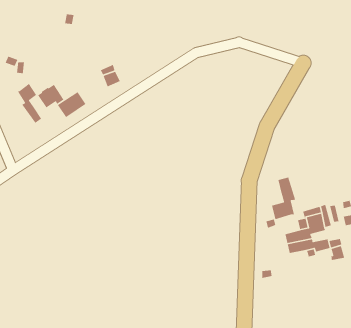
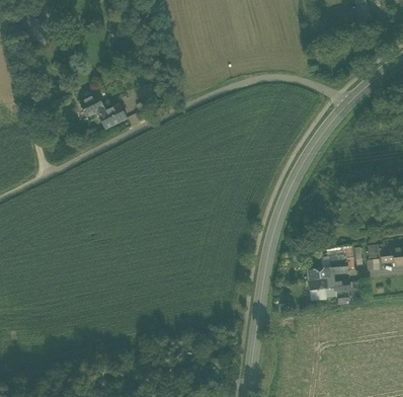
building: [17,83,42,124] -> none
building: [271,177,296,220] -> none

